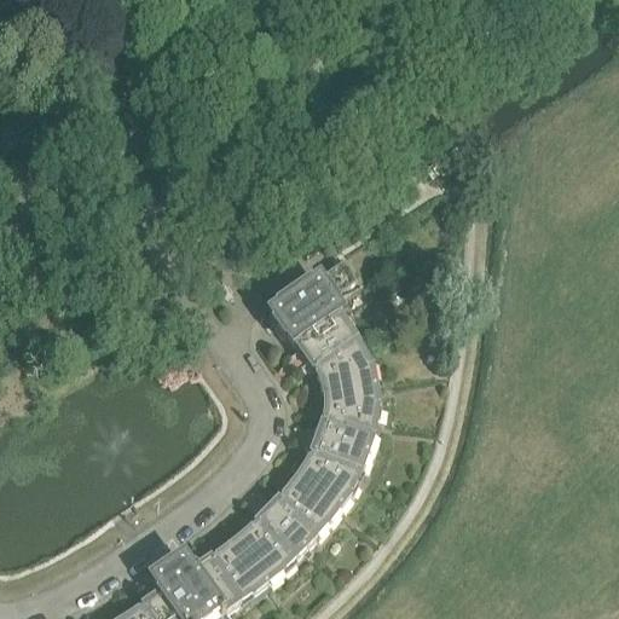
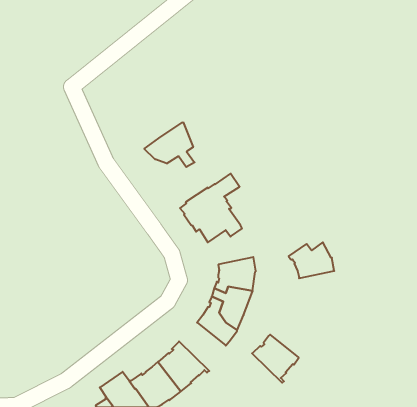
building: none -> [144,122,195,167]
building: [308,337,376,391] -> [289,242,334,278]
building: [266,476,335,548] -> [252,335,299,383]

